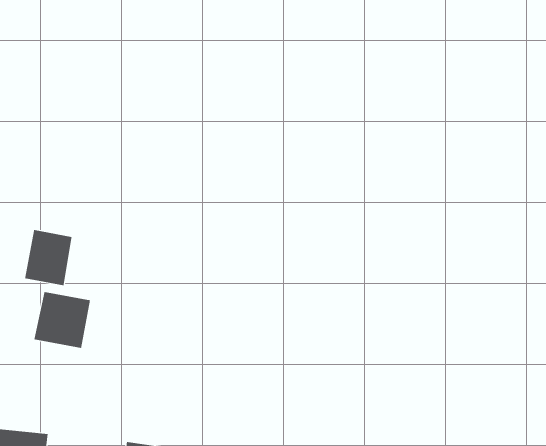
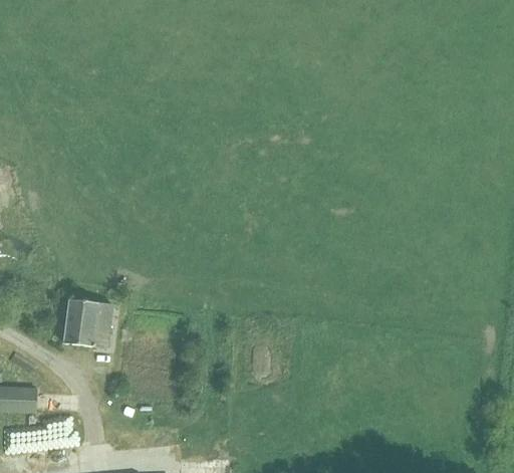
building: [25,229,72,286] -> none

